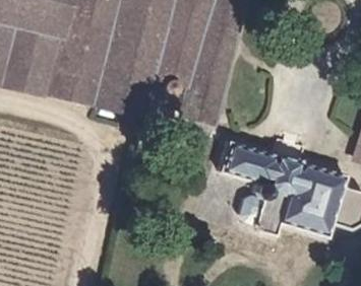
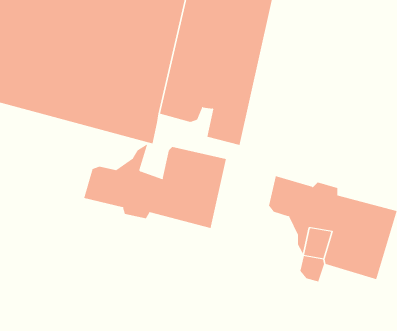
building: none -> [84,143,227,229]

